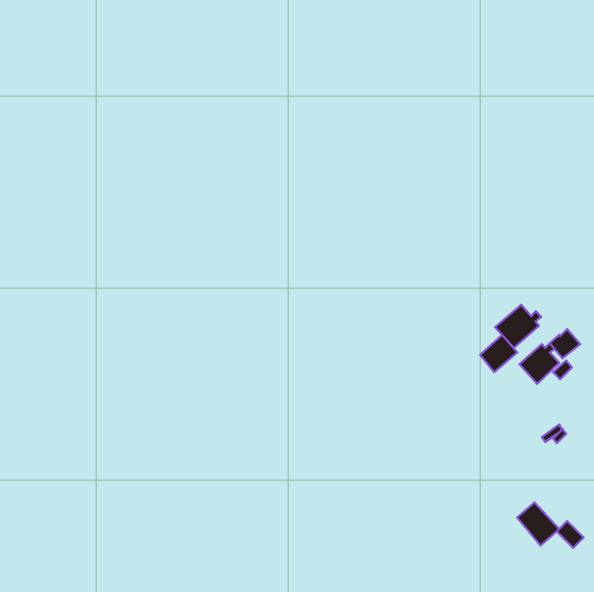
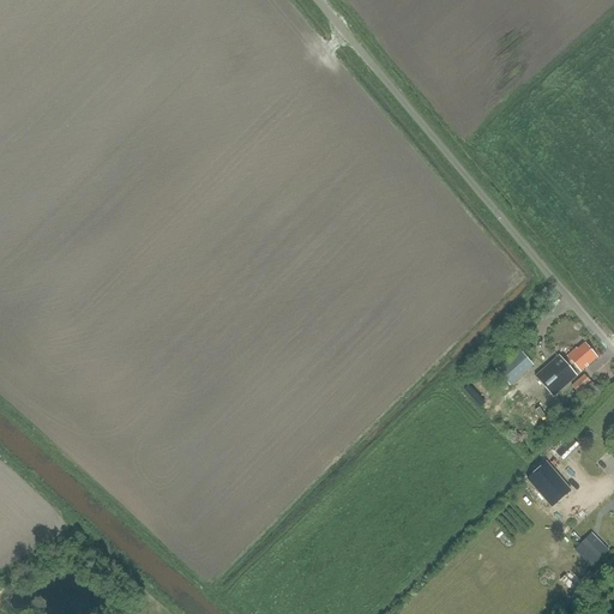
building: [495,305,541,348] -> none
building: [517,503,559,546] -> [528,460,571,505]

